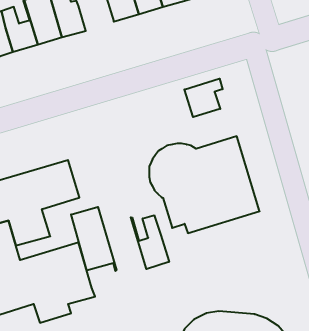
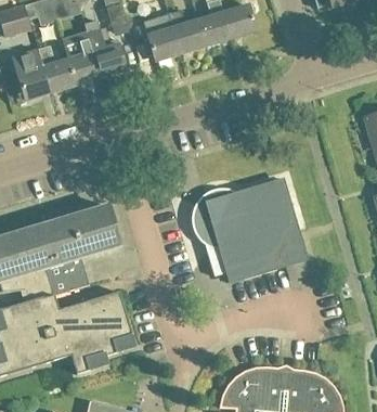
building: [184,79,223,117] -> none
building: [71,207,116,271] -> none
building: [131,215,169,269] -> none

